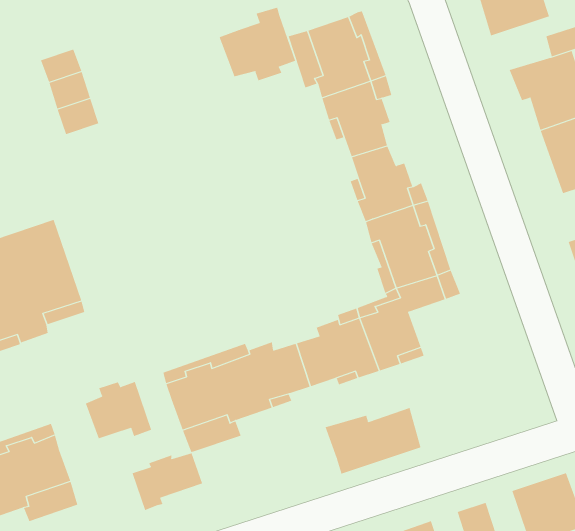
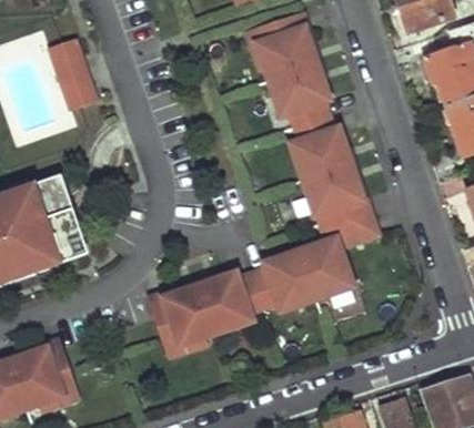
building: [219,7,296,81] -> none
building: [85,381,152,439] -> none
building: [325,407,421,474] -> none
building: [132,452,203,511] -> none

